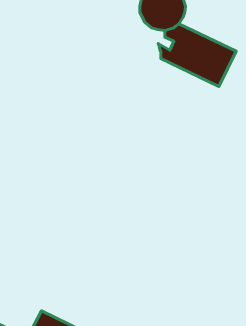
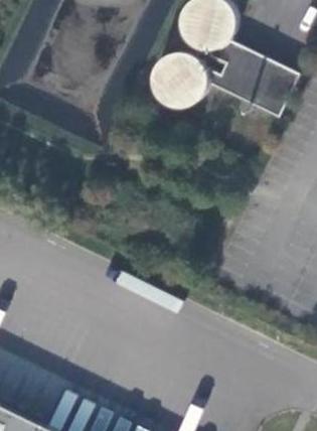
building: none -> [151,53,204,108]

